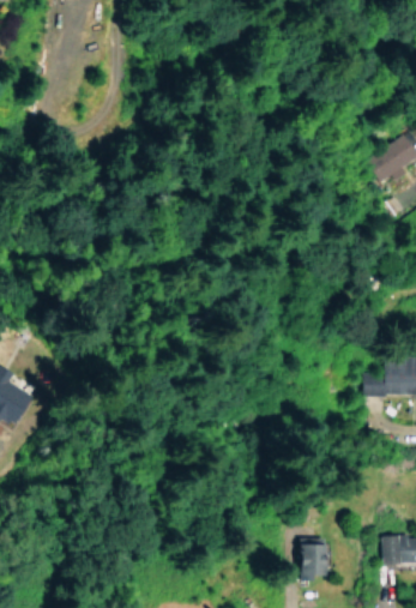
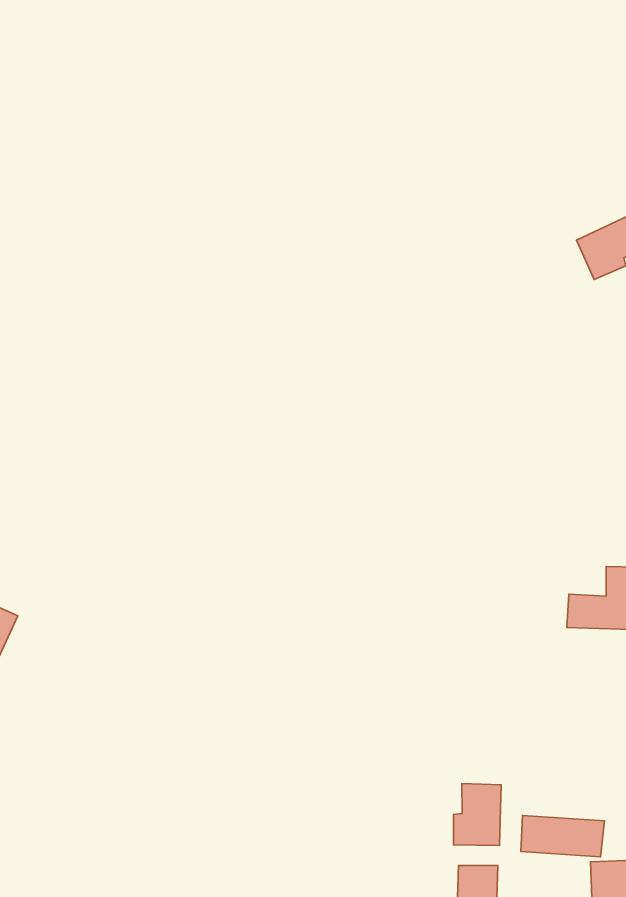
building: none -> [453,784,501,846]
building: none -> [521,815,604,857]

